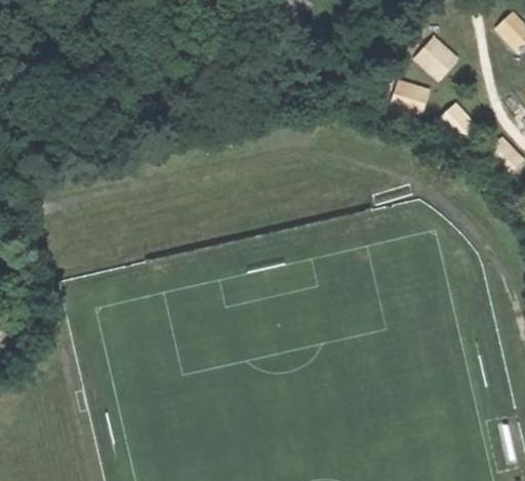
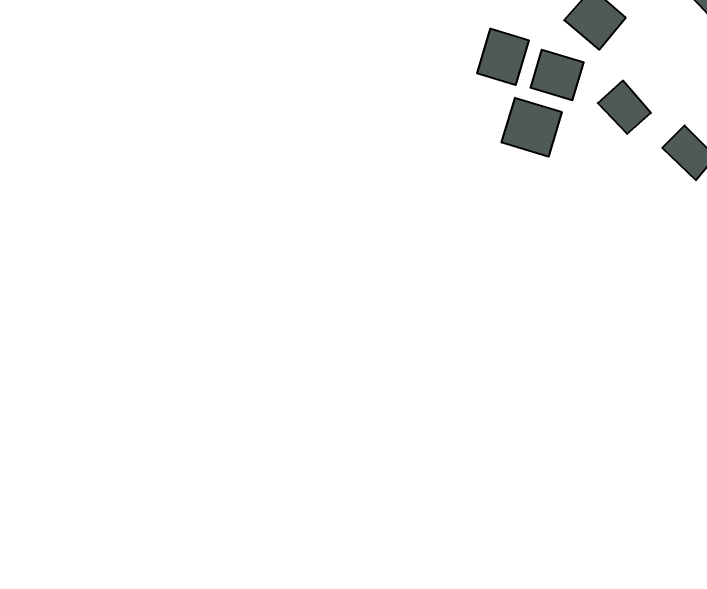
building: none -> [477,29,529,85]
building: none -> [502,98,562,157]

